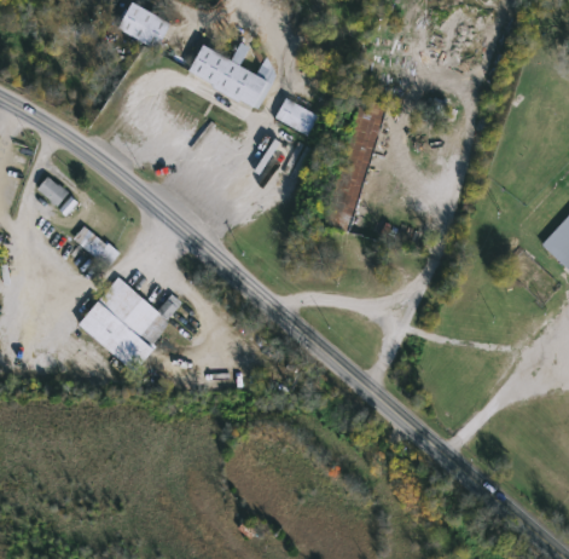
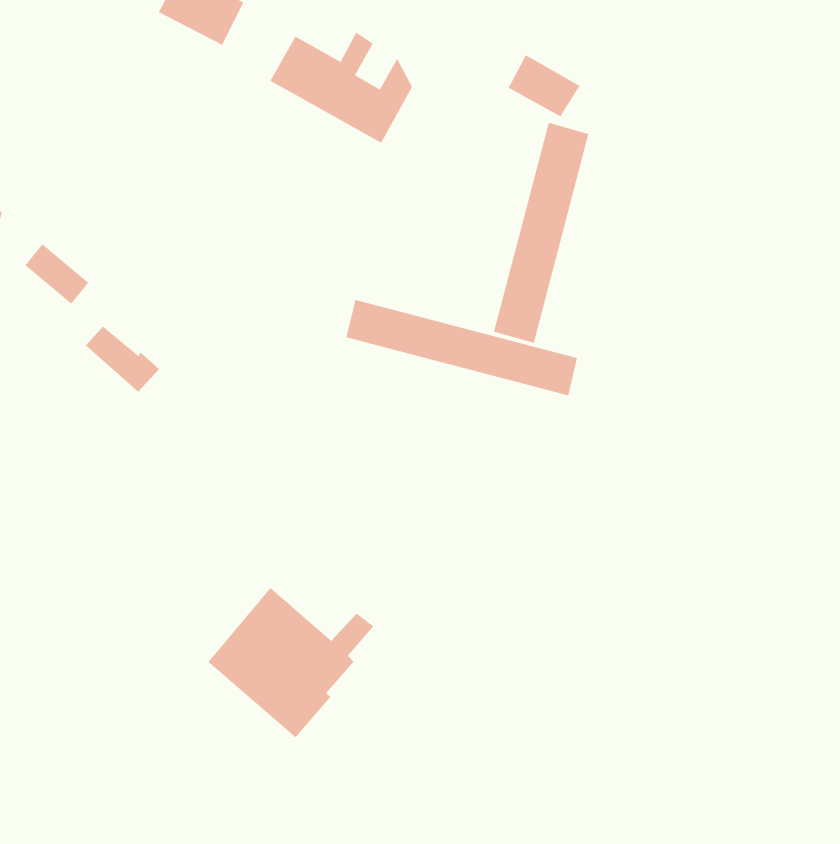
building: [274,99,319,138] -> [508,54,581,117]
building: none -> [346,299,578,396]
building: [79,276,181,369] -> [208,587,374,738]

